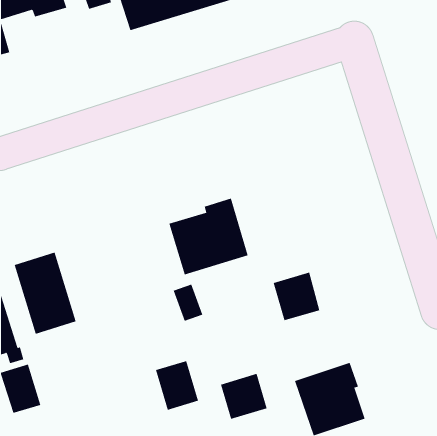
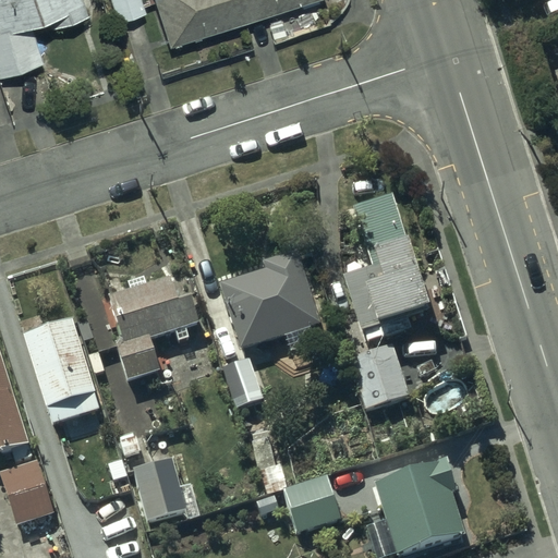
building: none -> [340,192,424,325]
building: none -> [113,279,202,380]
building: [155,361,199,410] -> [132,457,187,520]

